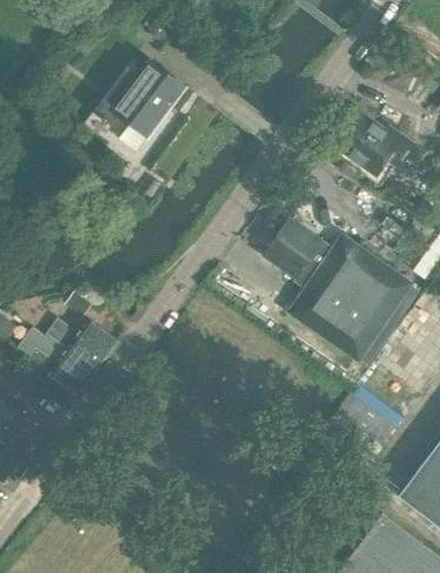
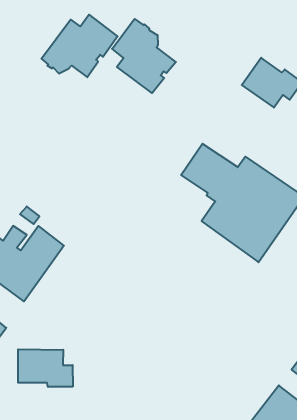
building: none -> [112,19,176,93]
building: none -> [18,349,73,387]

